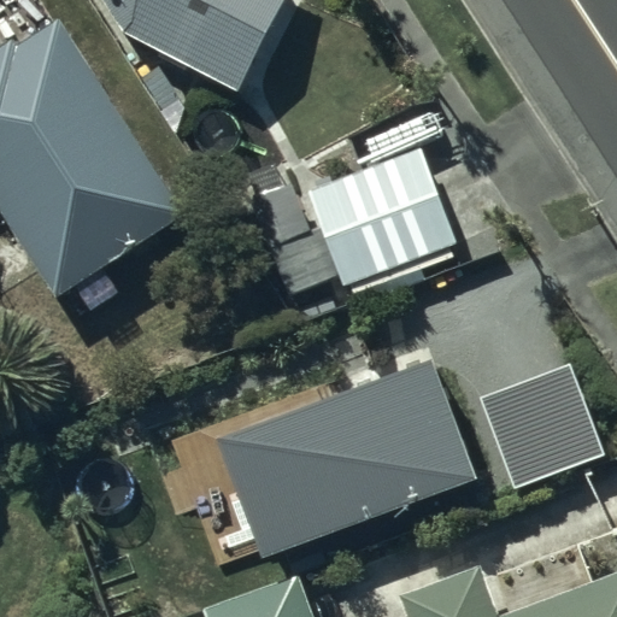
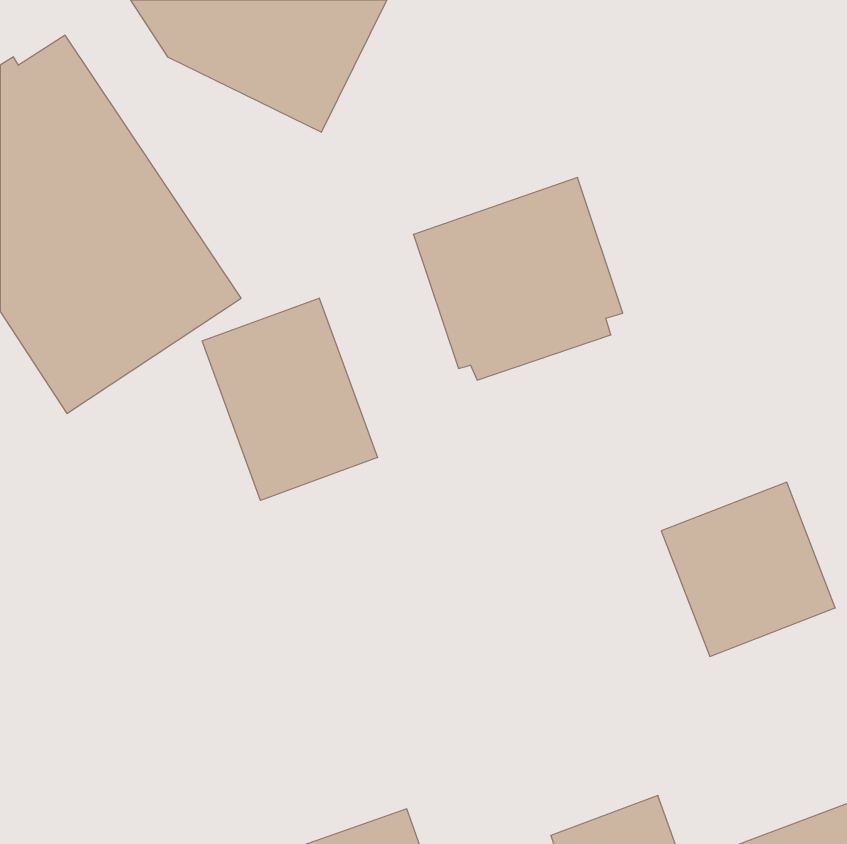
building: none -> [202,298,378,500]
building: [211,340,469,535] -> none

